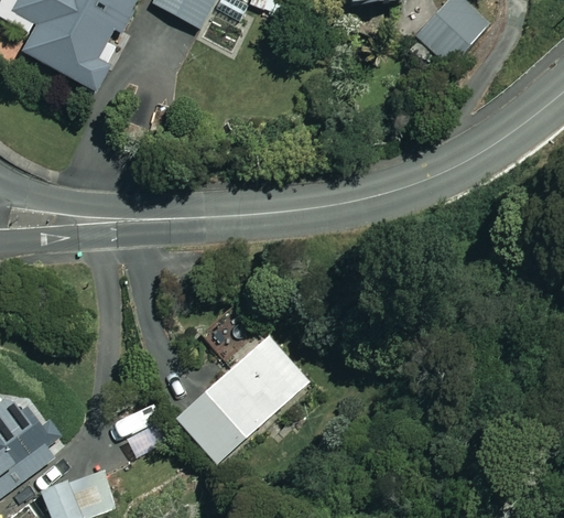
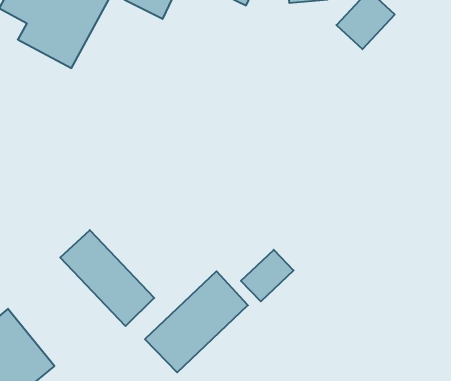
building: none -> [60,230,154,326]
building: none -> [241,250,294,301]

